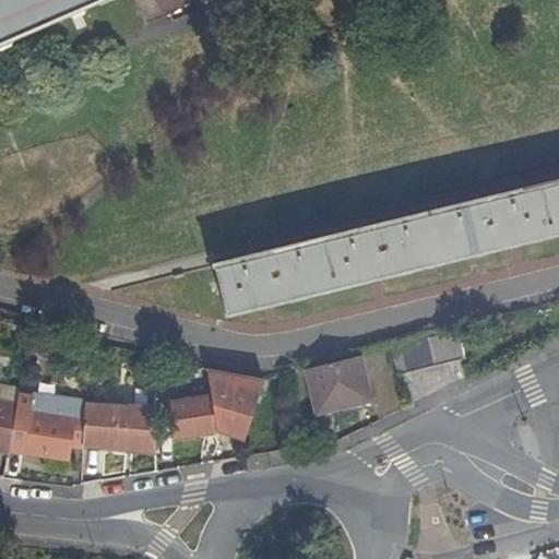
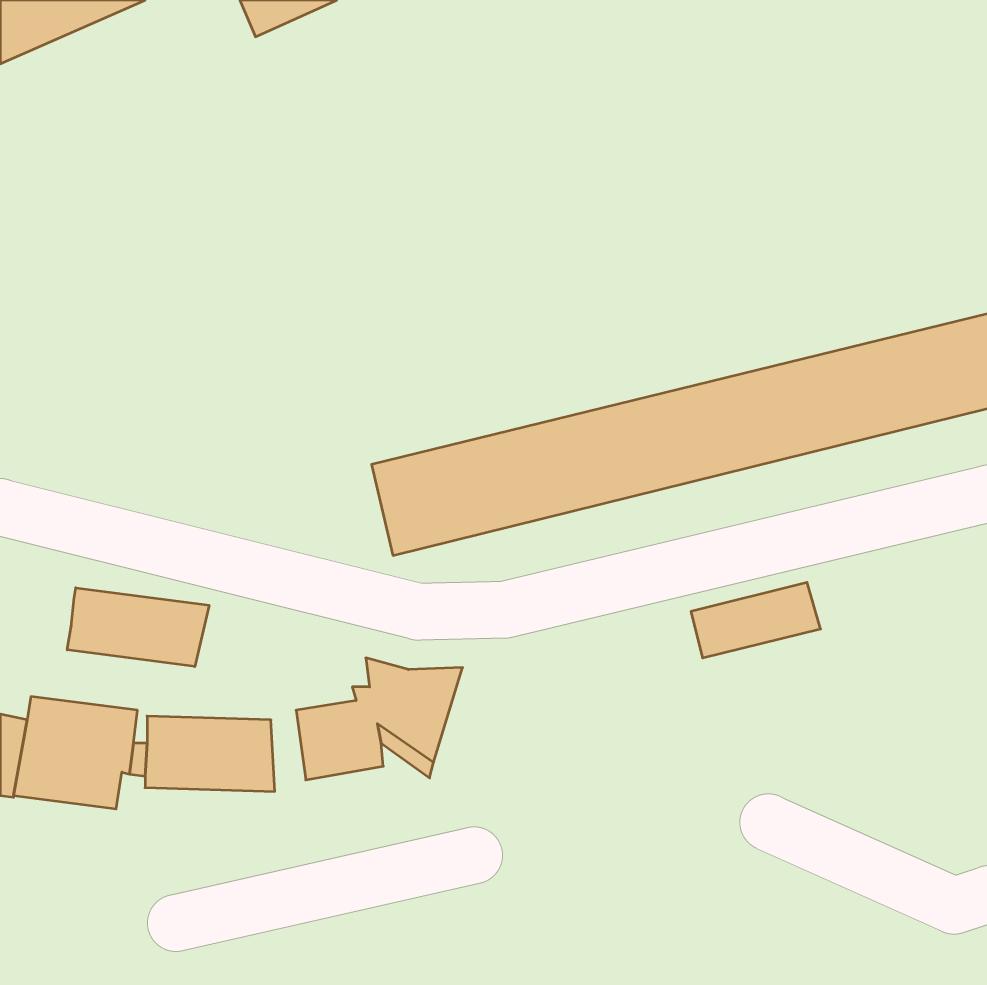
building: none -> [67,588,209,667]
building: [309,360,370,414] -> none

